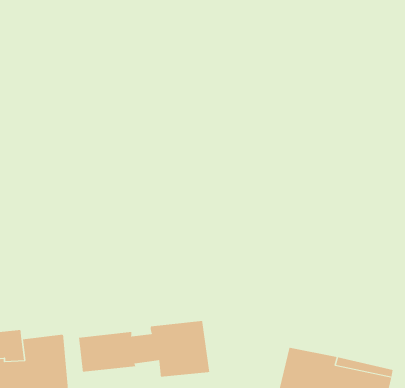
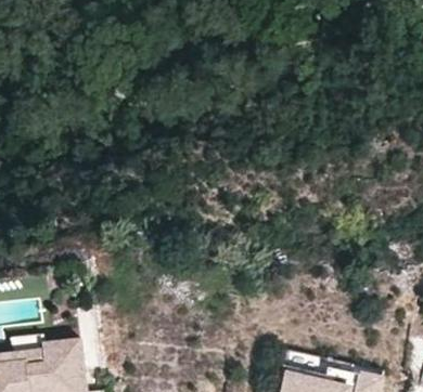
building: [79,320,210,378] -> none

